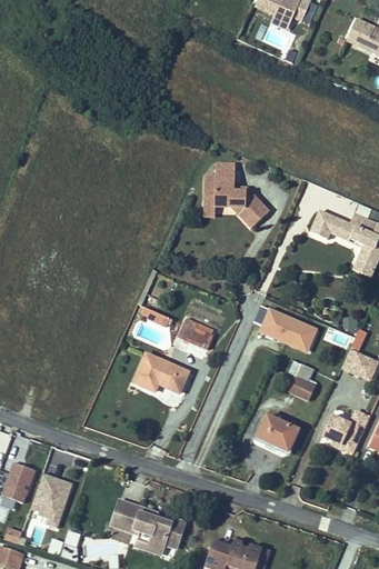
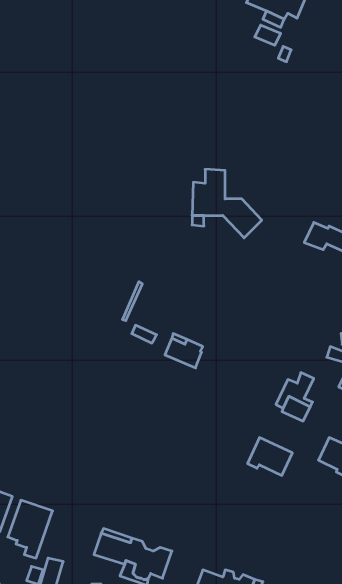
building: [258,306,319,350] -> none
building: [133,352,188,391] -> none

